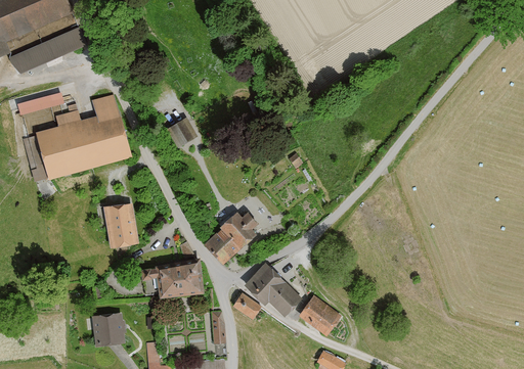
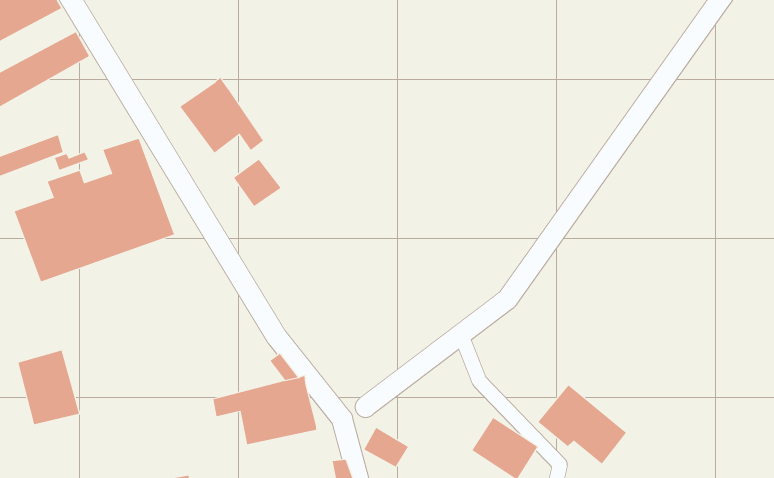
building: none -> [180,77,264,153]
building: [99,204,135,249] -> [18,350,80,425]
building: [206,211,259,262] -> none
building: [249,264,304,316] -> [537,385,627,465]

